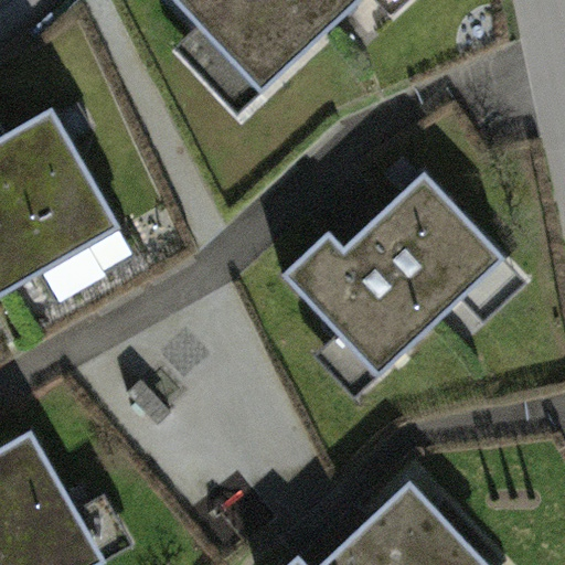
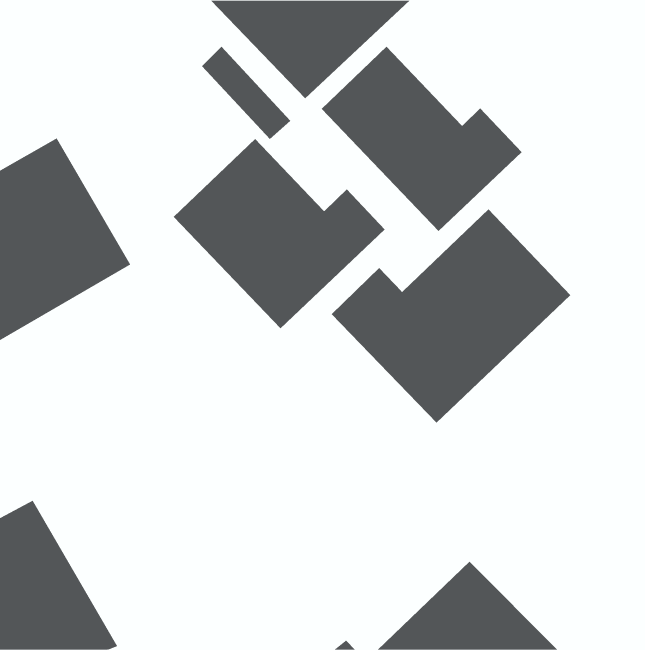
building: none -> [321,46,522,232]
building: none -> [173,138,385,329]

